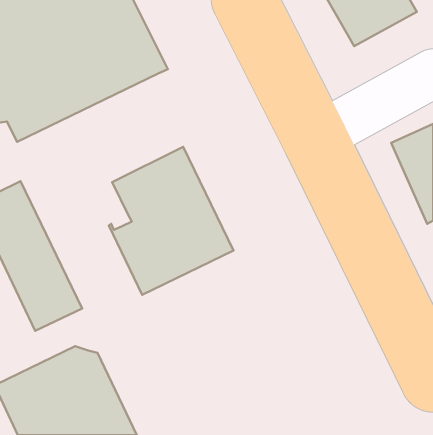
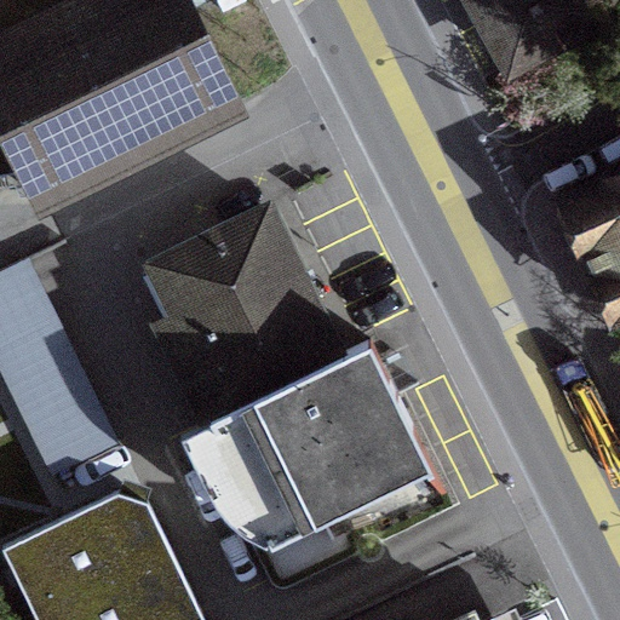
building: none -> [201,337,435,555]

